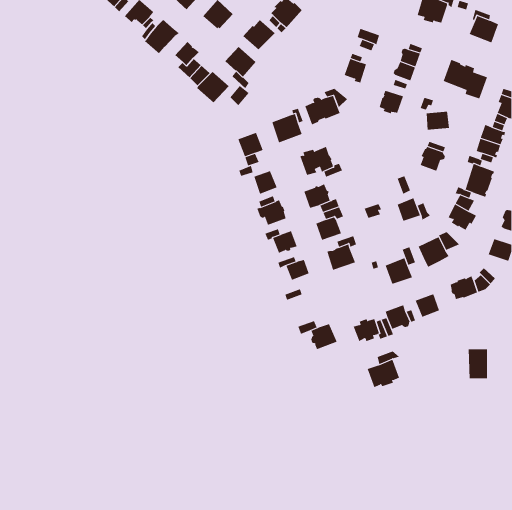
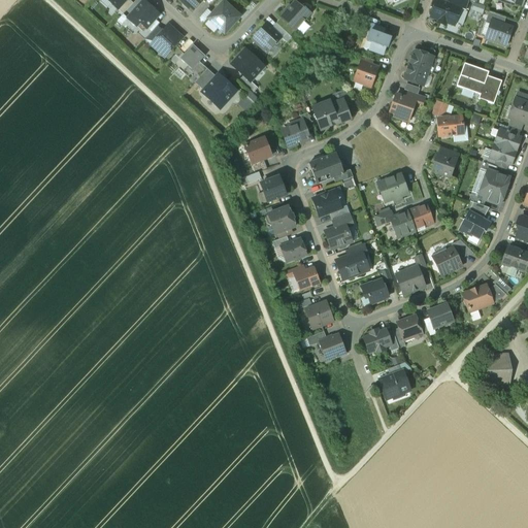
building: none -> [377,173,407,201]
building: none -> [390,210,416,236]
building: none -> [361,278,388,302]
building: none -> [305,301,333,327]

